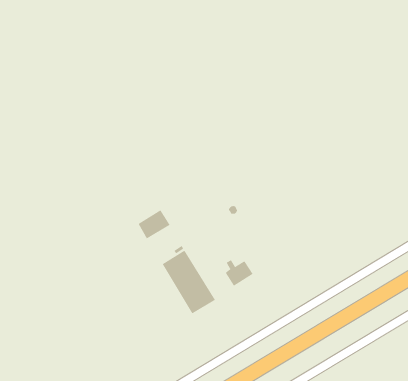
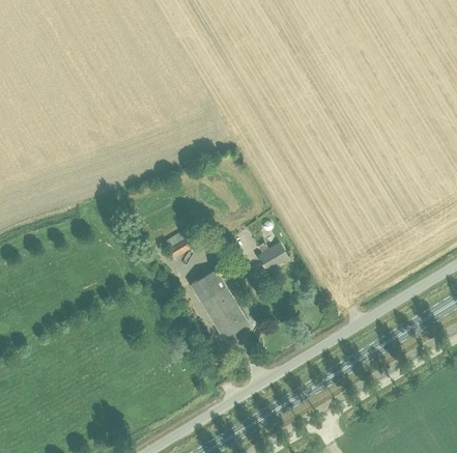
building: [225,259,254,286] -> [258,243,289,272]

